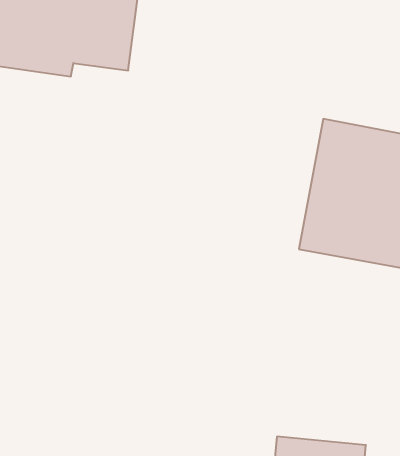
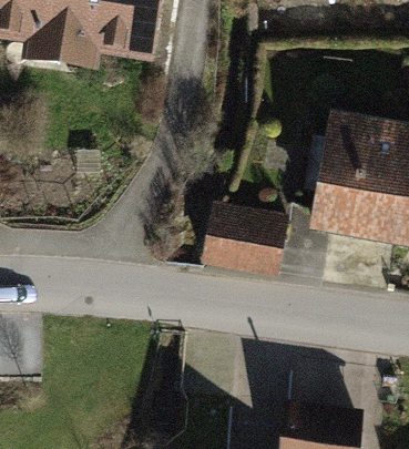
building: none -> [205,205,292,275]

